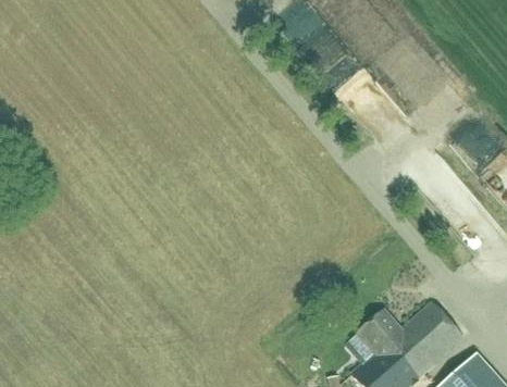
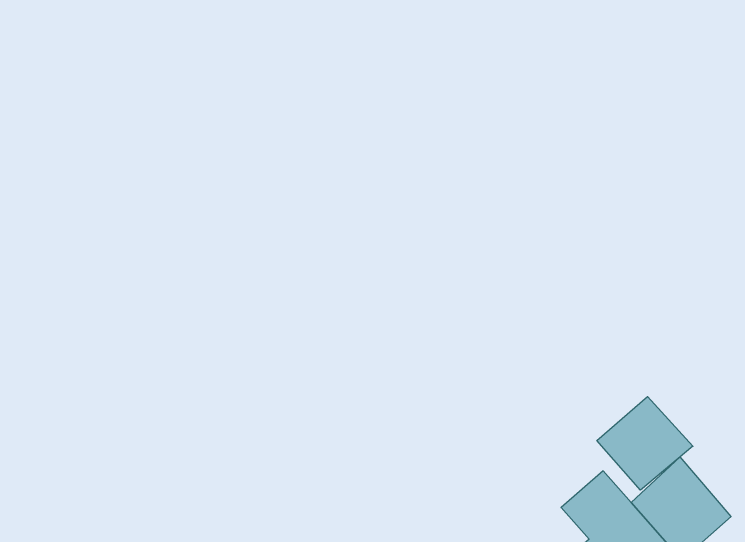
building: none -> [597,397,693,490]

